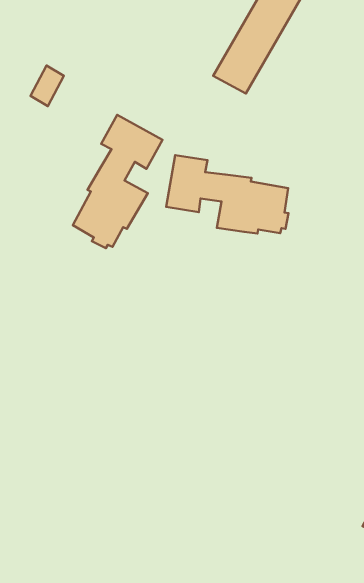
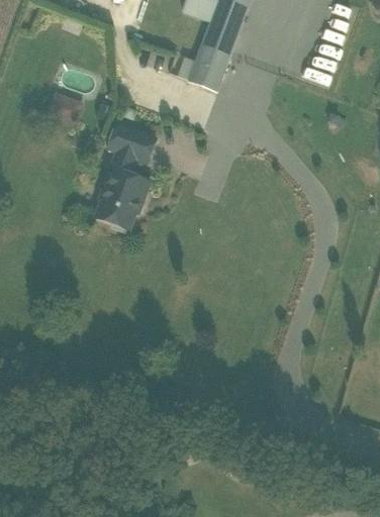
building: [166,155,288,233] -> none

